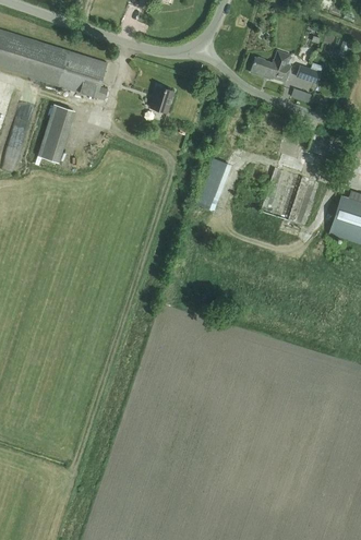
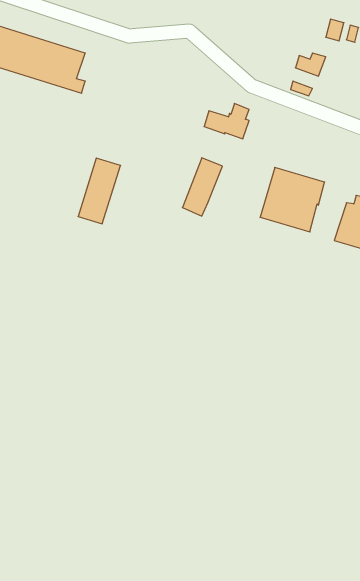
building: [250,51,290,83] -> [204,103,249,139]
building: [149,86,175,115] -> none
building: [37,105,75,164] -> [78,158,121,224]

